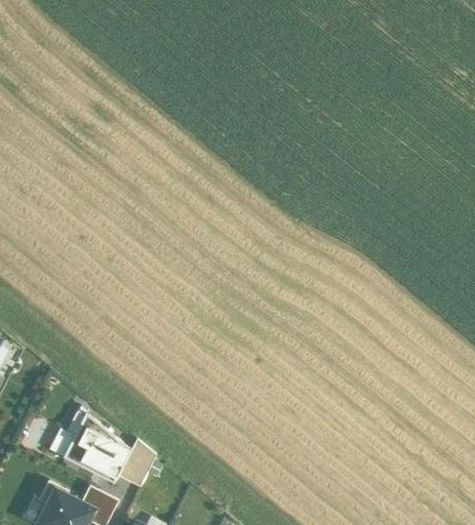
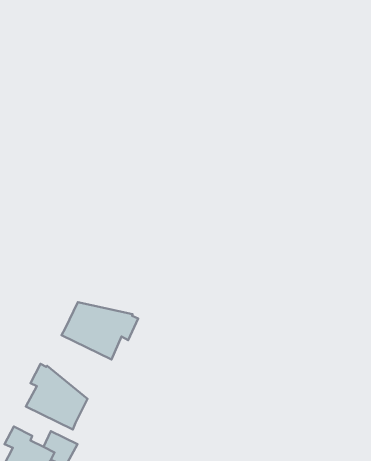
building: none -> [62,302,138,360]
building: [116,439,154,486] -> none

